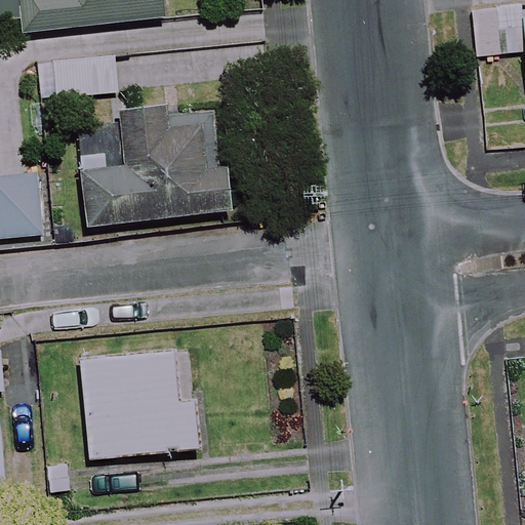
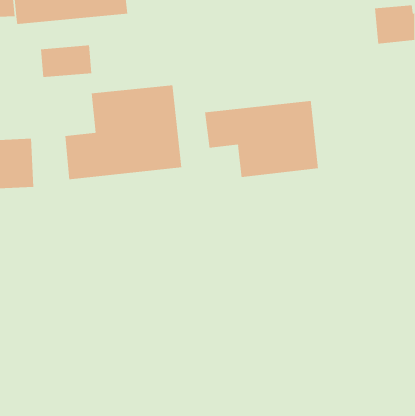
building: none -> [205,100,319,178]
building: [79,348,197,458] -> none

